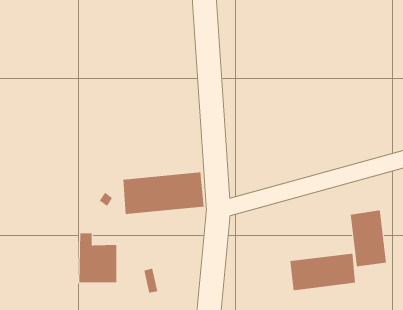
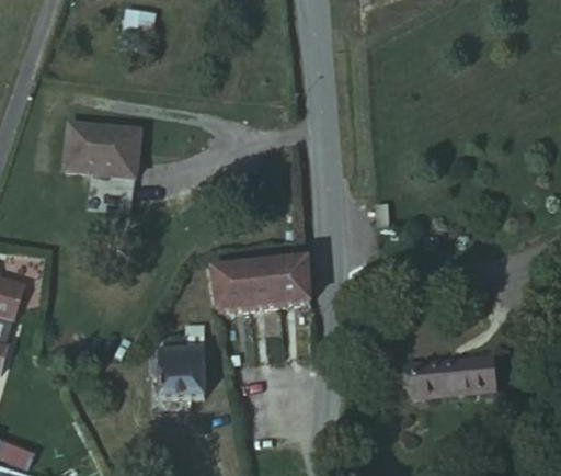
building: none -> [64,115,141,170]
building: [350,210,387,267] -> none

